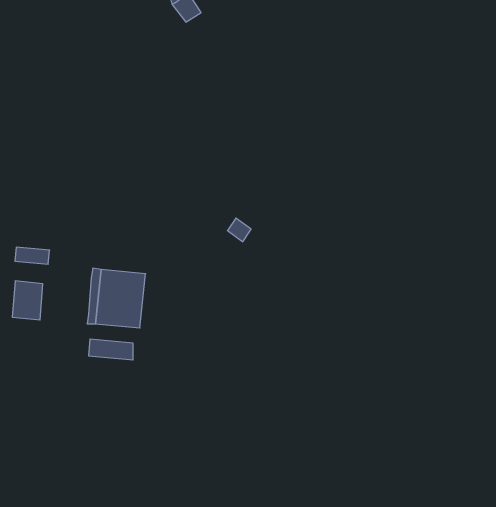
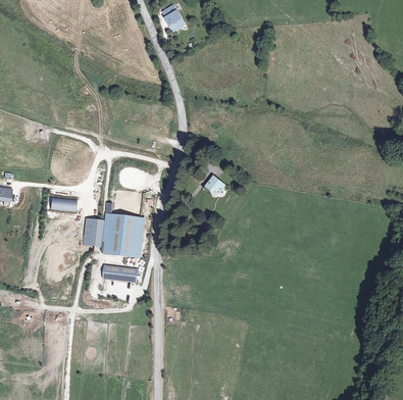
building: [12,281,43,320] -> [83,217,105,246]

